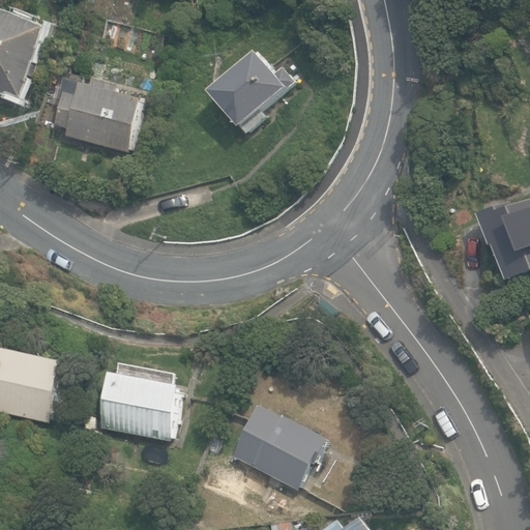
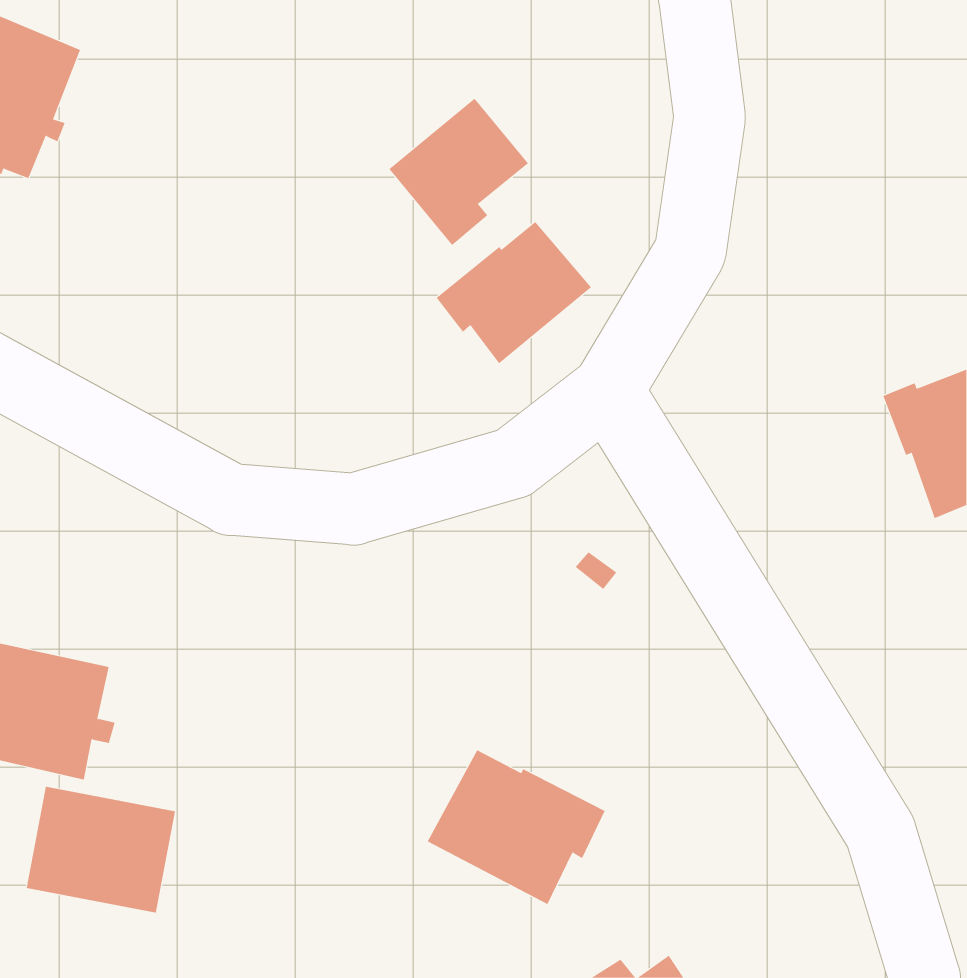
building: [52,77,141,151] -> none
building: none -> [436,221,592,364]
building: [97,372,178,440] -> [26,786,176,913]

